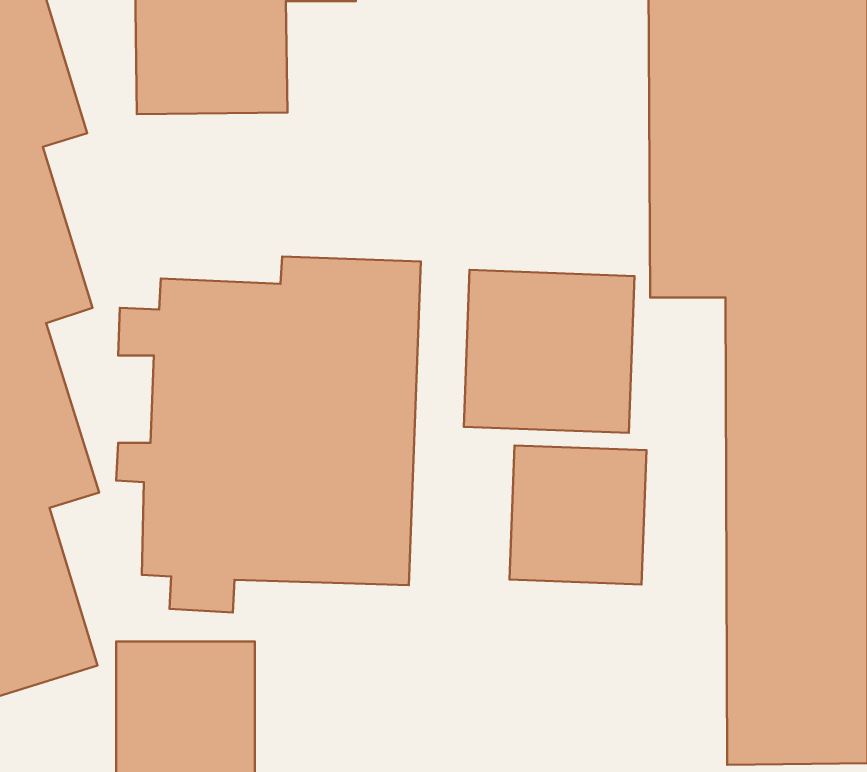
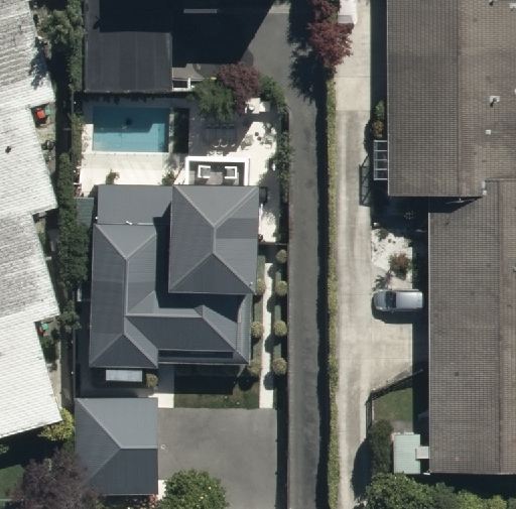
building: [464,270,635,433] -> none
building: [510,445,647,584] -> none

